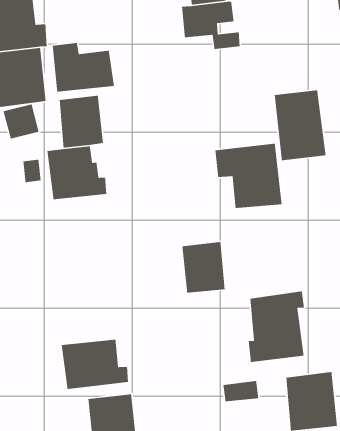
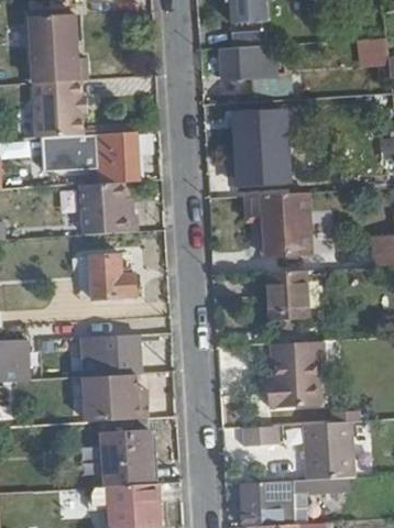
building: [52,42,115,93] -> none
building: [274,90,327,161] -> [239,113,287,182]
building: none -> [88,255,134,298]
building: [181,241,225,293] -> [267,268,308,318]
building: none -> [81,333,138,376]

